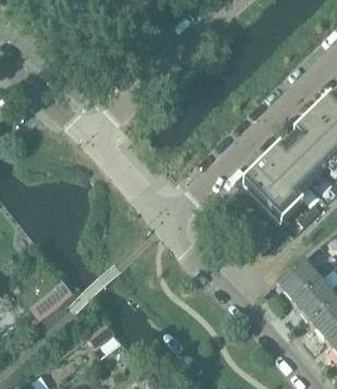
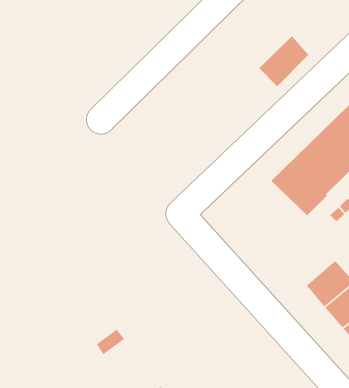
building: none -> [258,36,309,87]

